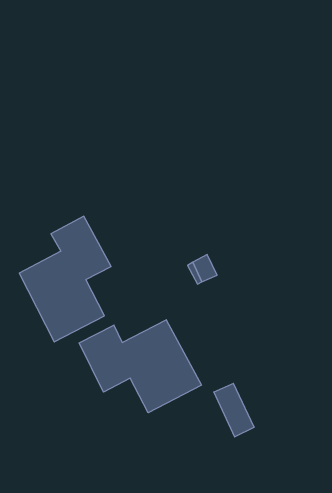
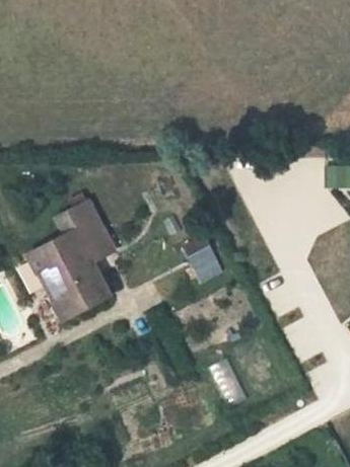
building: [79,320,201,413] -> none

